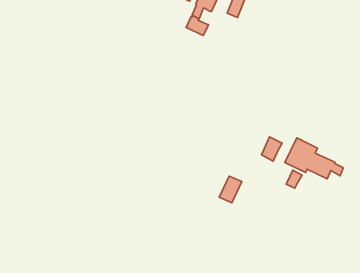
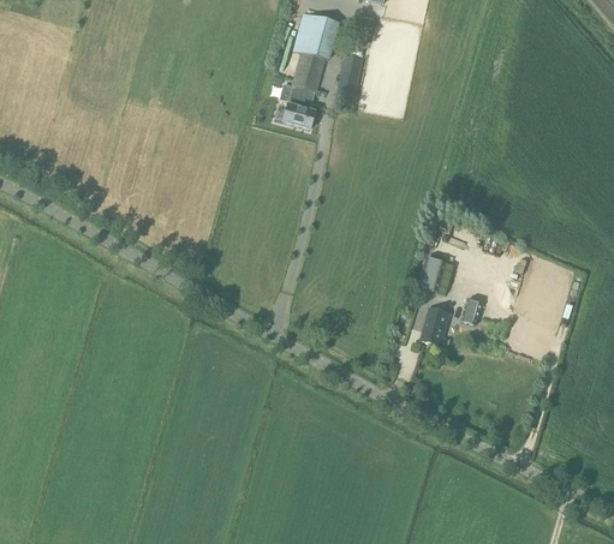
building: [285,138,343,179] -> none
building: [219,176,242,203] -> [422,305,451,342]

